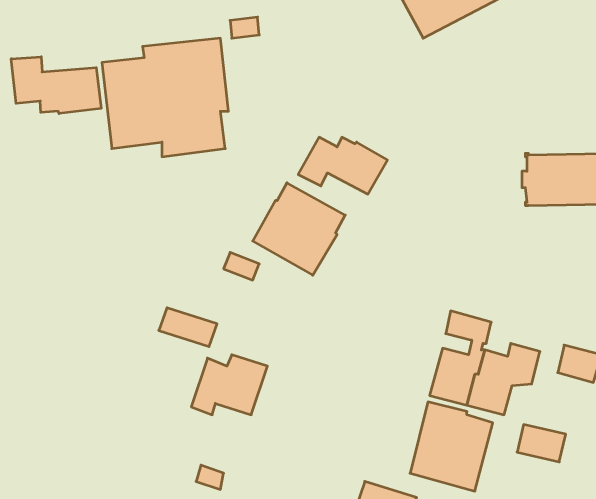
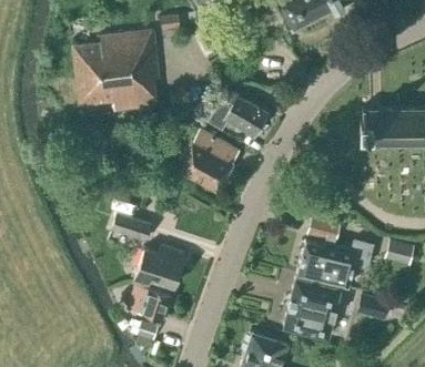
building: [11,57,101,114] -> none
building: none -> [129,285,171,322]

